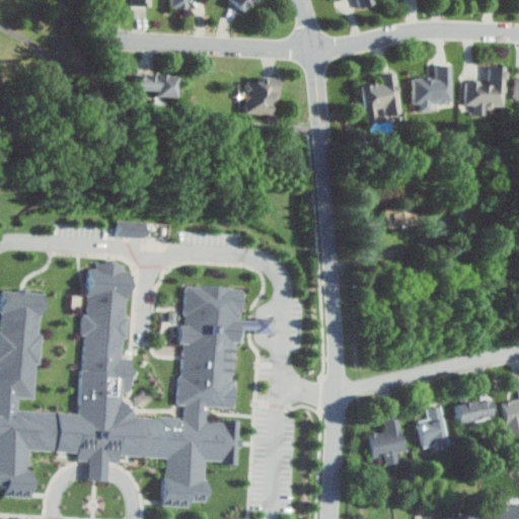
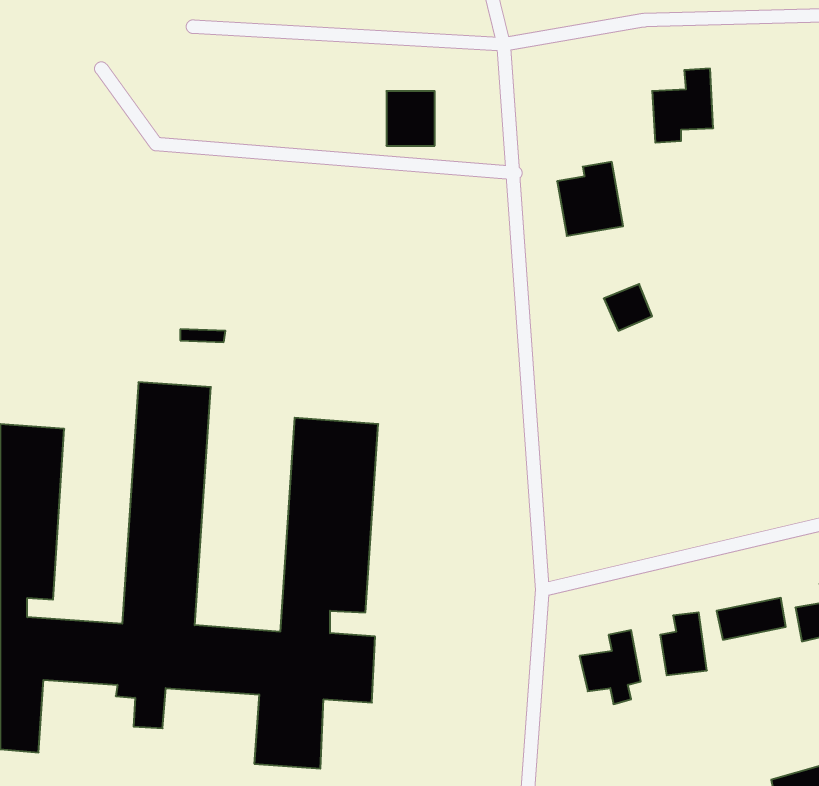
building: [463,67,502,106] -> none
building: [358,73,399,120] -> [557,162,623,236]
building: [131,75,175,95] -> none

